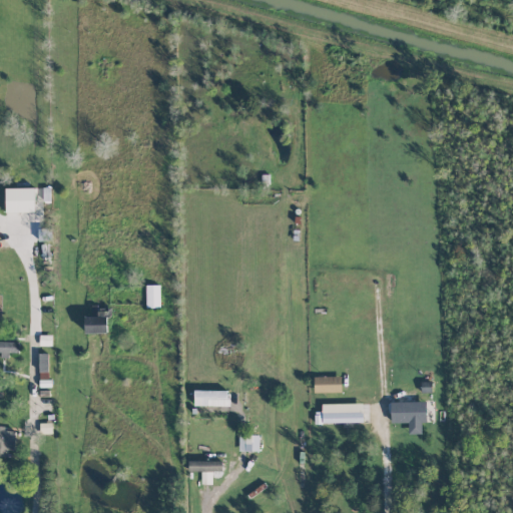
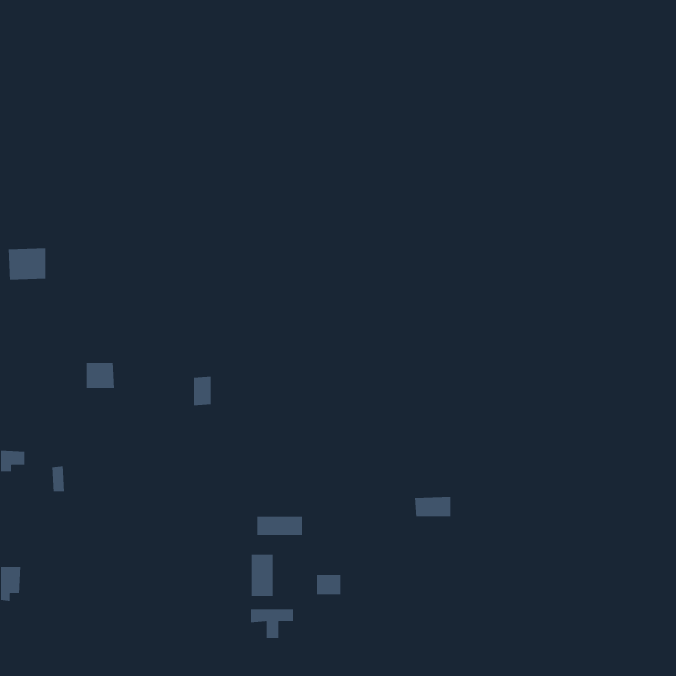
building: [85,313,107,333] -> [86,362,115,389]
building: [391,401,428,434] -> none
building: [315,403,363,423] -> none
building: none -> [251,554,274,597]

